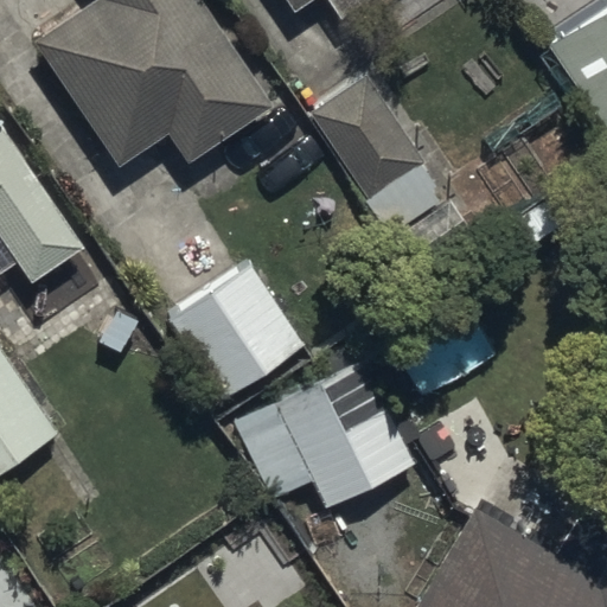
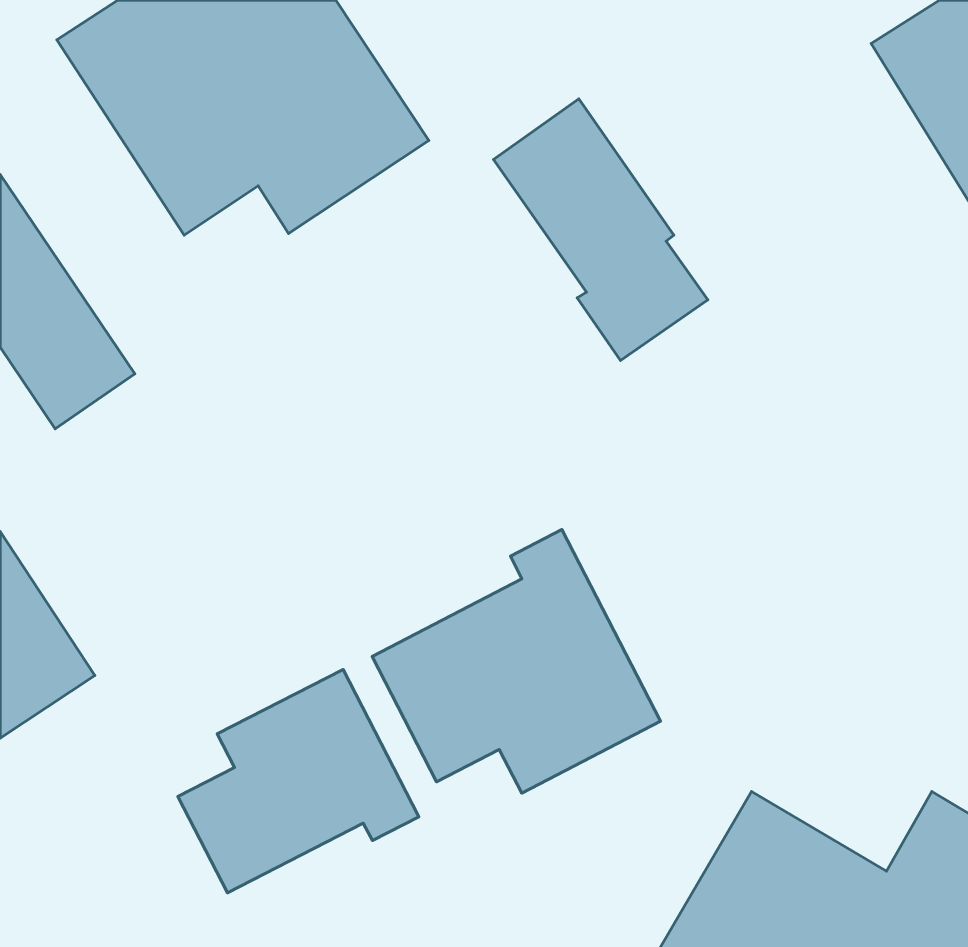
building: [166,264,302,402] -> none
building: none -> [178,670,419,893]

